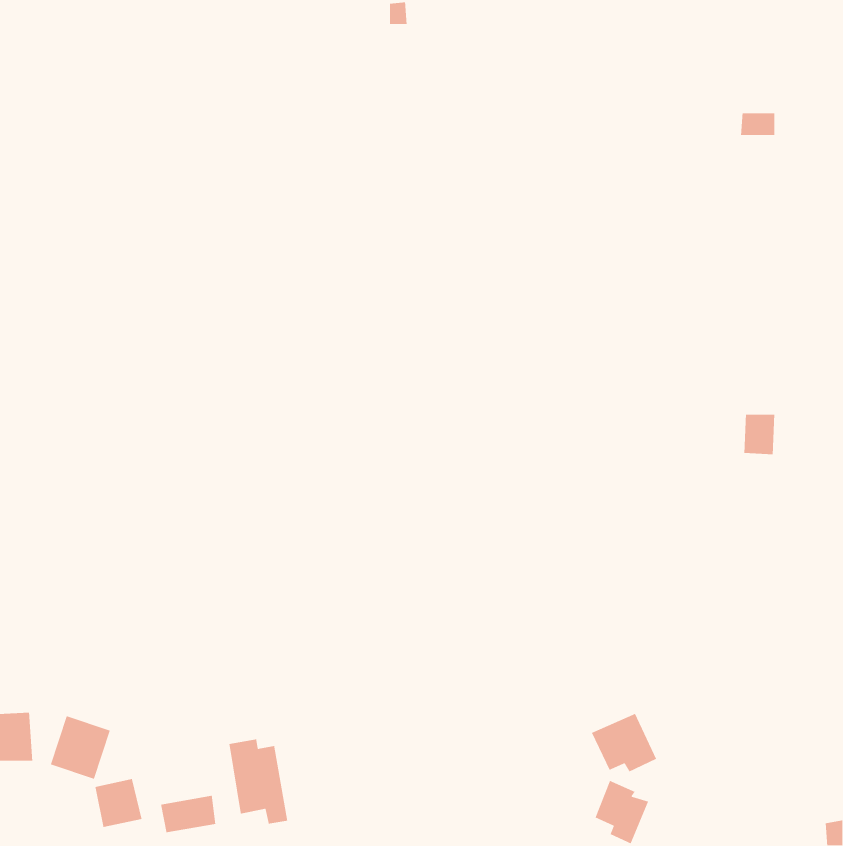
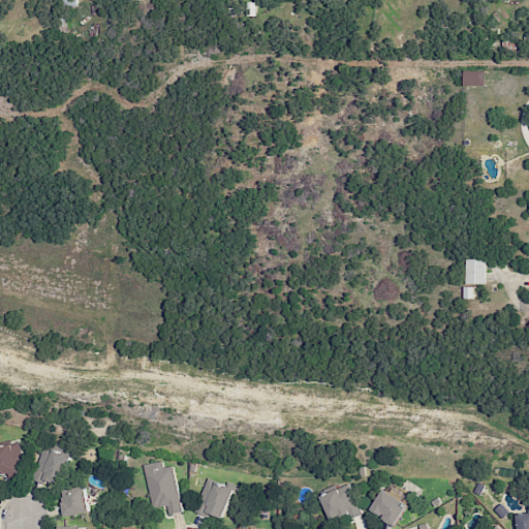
building: [591,713,657,772] -> [318,484,360,521]
building: none -> [193,477,232,519]
building: [160,795,216,833] -> none

